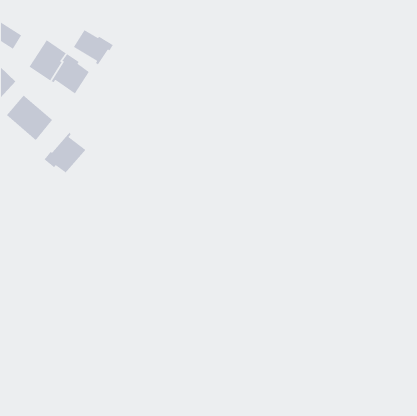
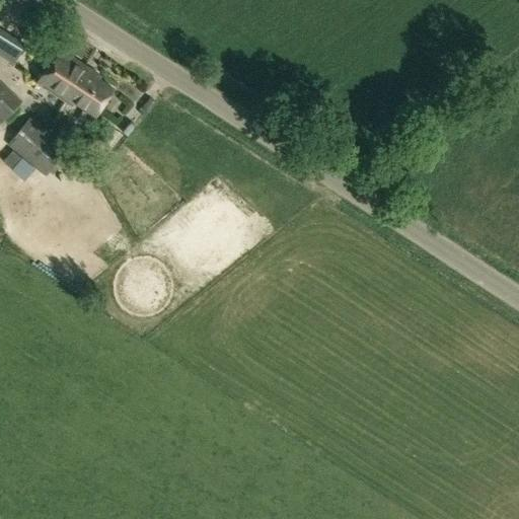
building: [73,29,114,66] -> none
building: [43,132,87,174] -> none

